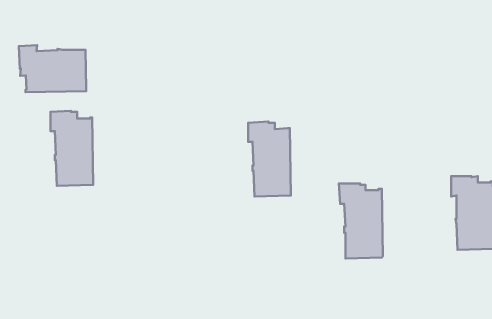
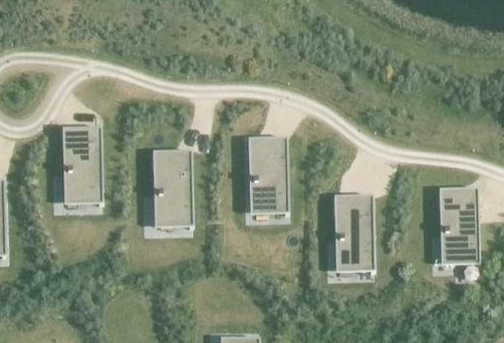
building: [19,45,86,92] -> none
building: none -> [150,152,190,223]

